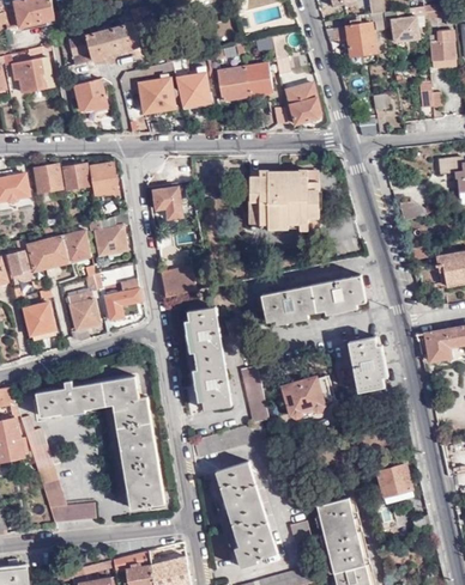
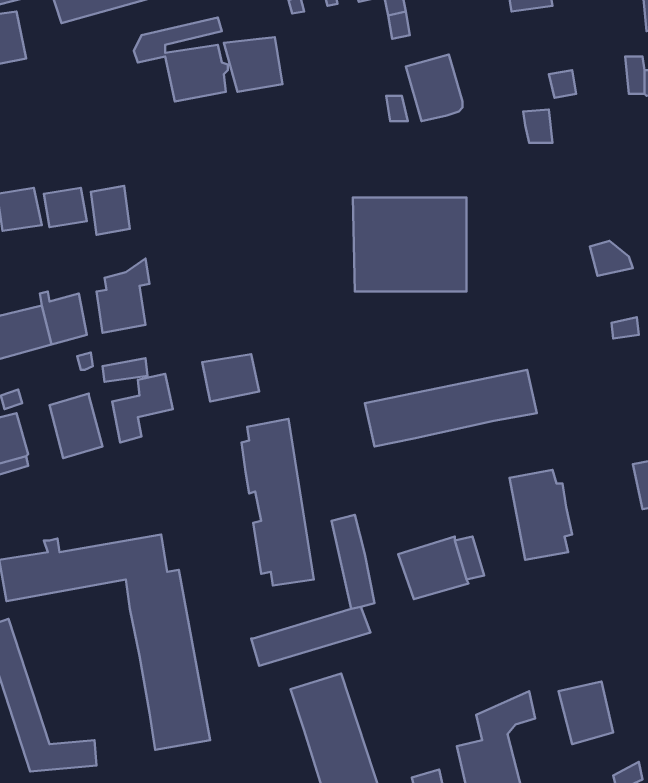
building: [217,62,272,103] -> none
building: [74,79,107,110] -> none
building: [153,187,182,218] -> none

